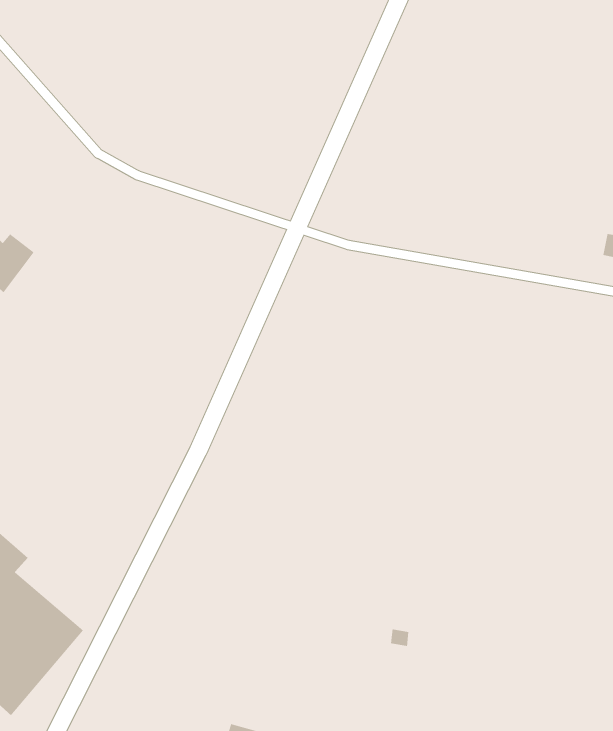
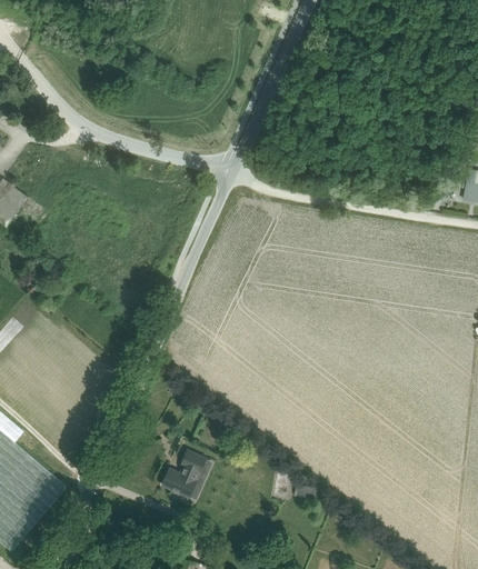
building: none -> [161,450,206,497]

